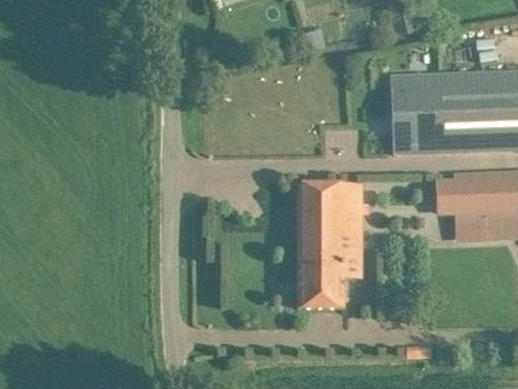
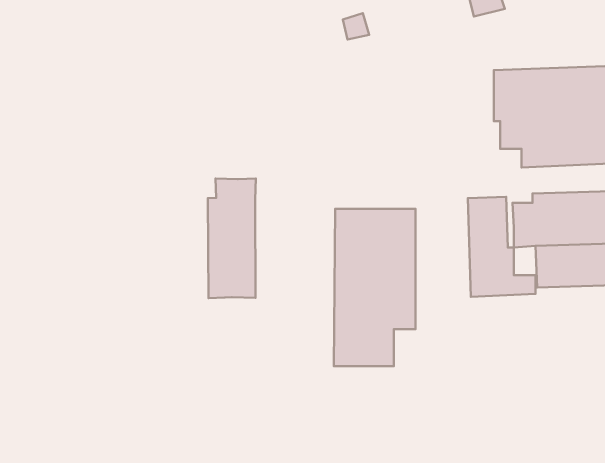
building: [391,73,444,151] -> [468,197,535,297]
building: none -> [208,178,256,298]

